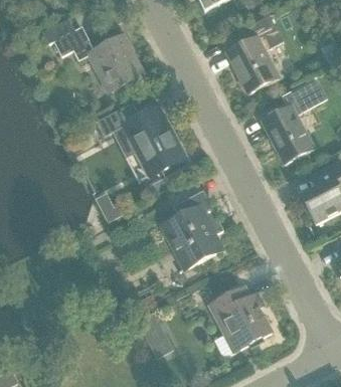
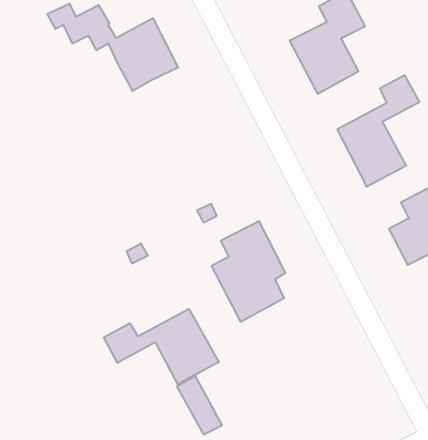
building: [102,106,184,174] -> none
building: none -> [104,309,219,384]
building: [208,285,271,351] -> none

